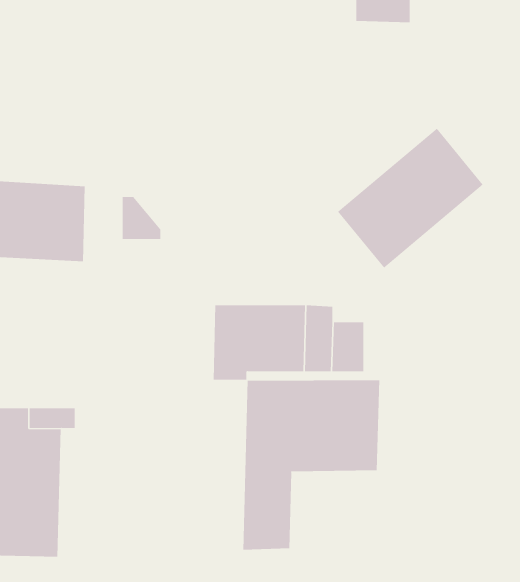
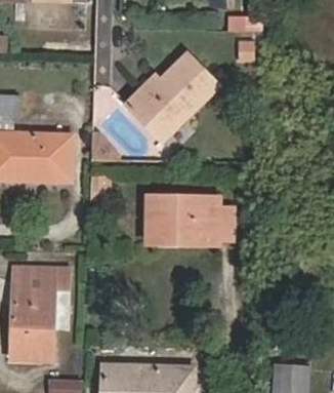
building: [337,128,483,269] -> [119,58,206,143]
building: [243,379,380,550] -> none

